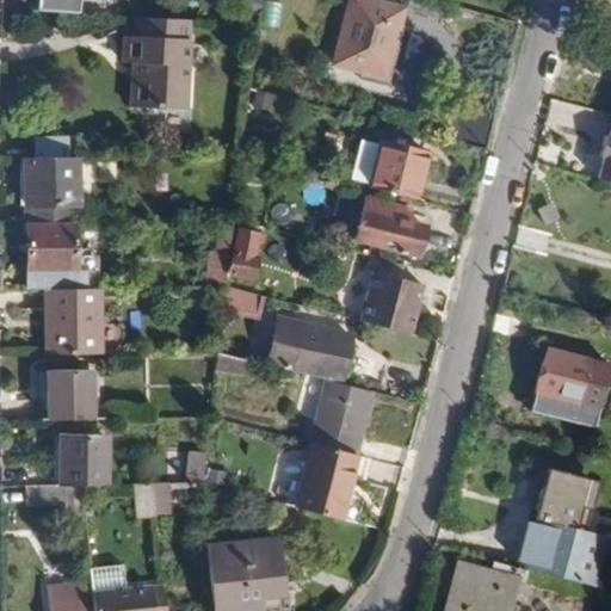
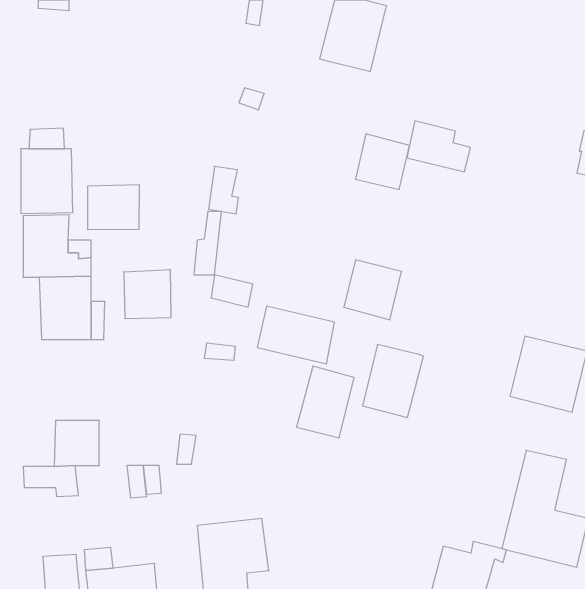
building: [125,19,191,107] -> none
building: none -> [88,185,139,230]
building: [359,198,425,251] -> [407,121,470,172]
building: [233,228,264,277] -> [209,166,239,214]
building: none -> [124,269,171,319]
building: [49,369,92,419] -> none
building: [296,443,359,518] -> [362,345,424,417]

